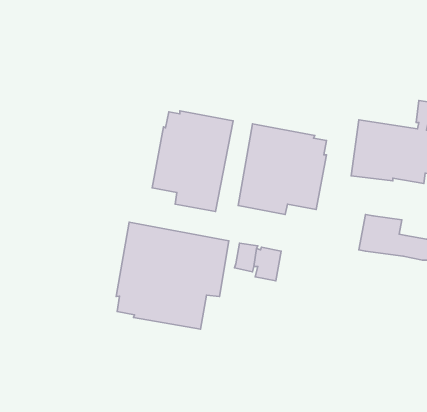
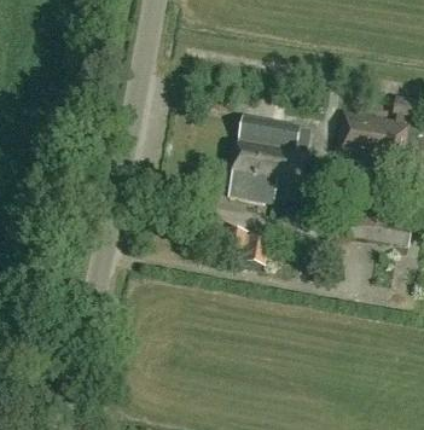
building: [152,111,233,212] -> none
building: [116,222,229,329] -> none

